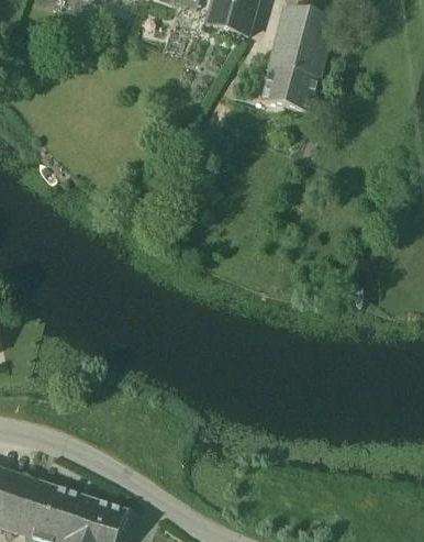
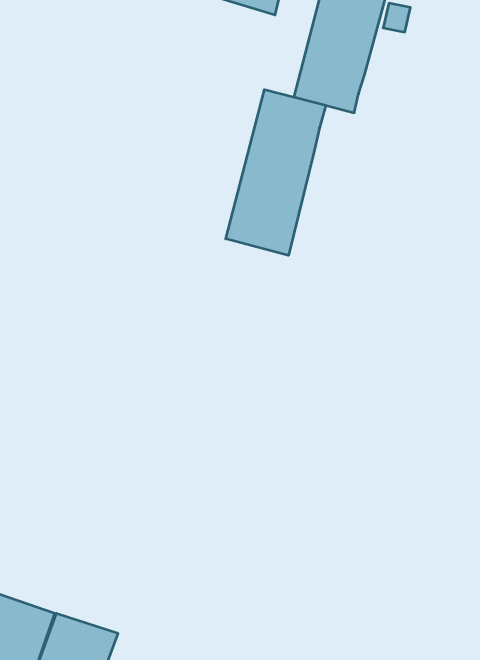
building: none -> [226,90,326,255]

